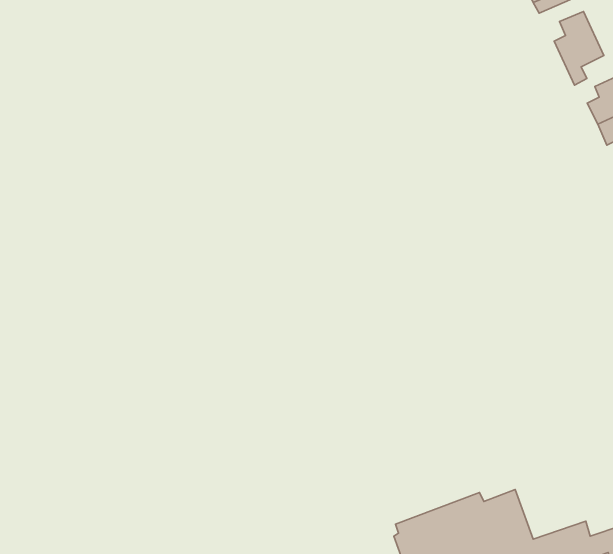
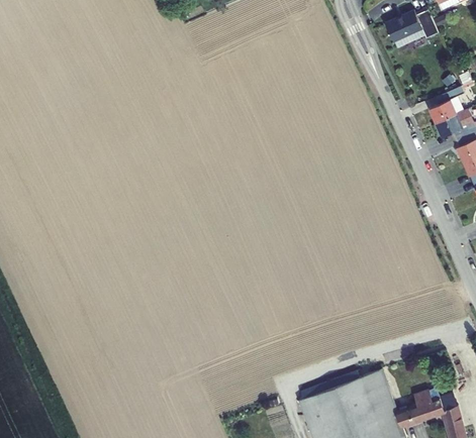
building: [554,11,604,85] -> none

